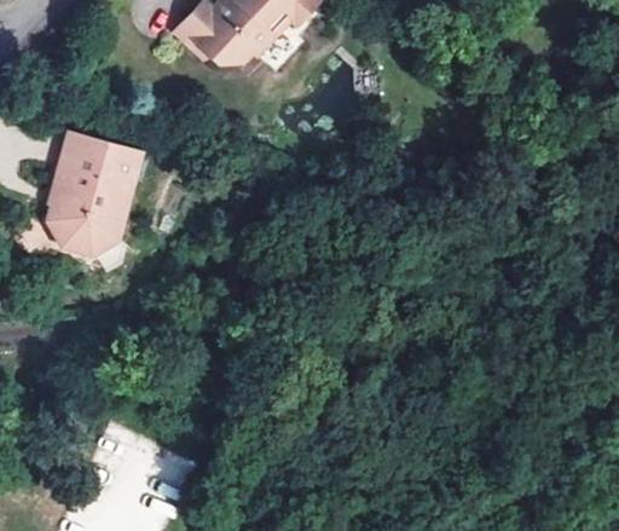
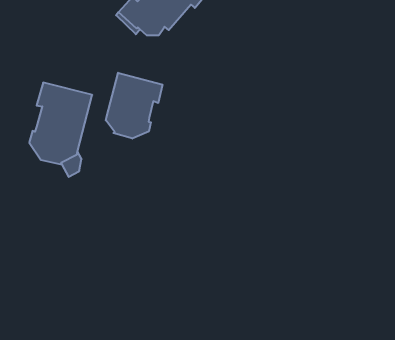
building: none -> [106,73,162,139]

